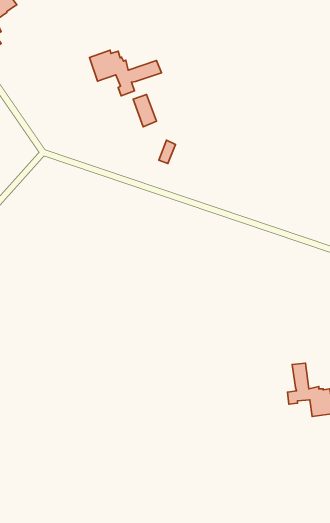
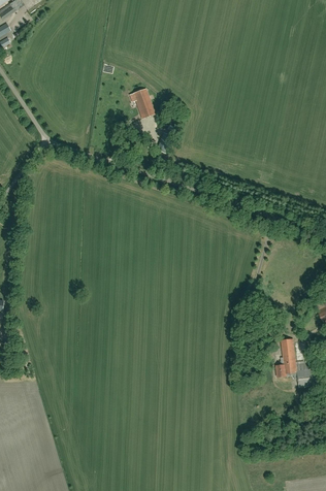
building: [89,50,162,96] -> none

